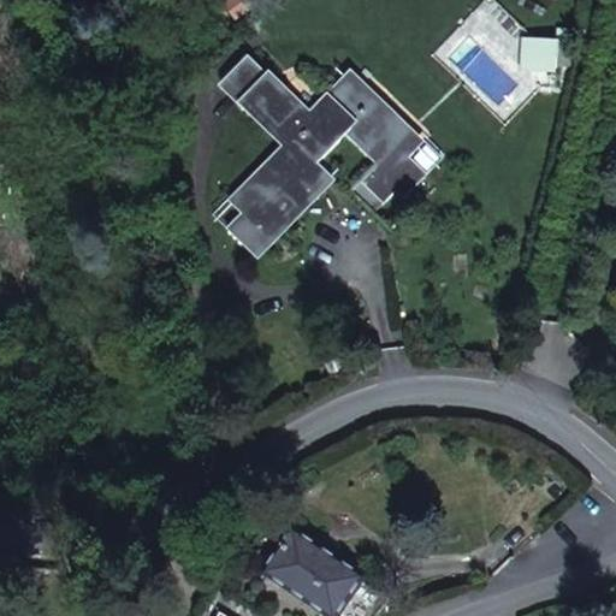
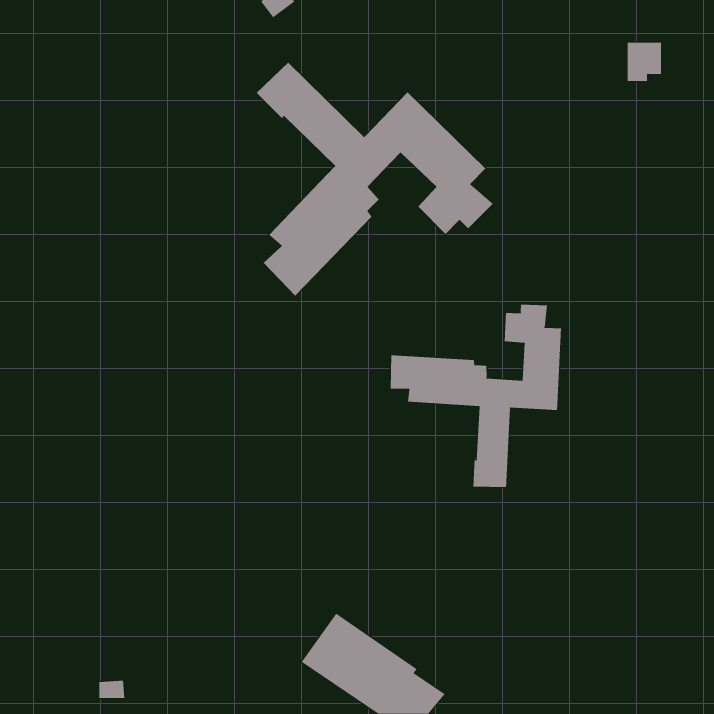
building: none -> [390,304,561,488]

